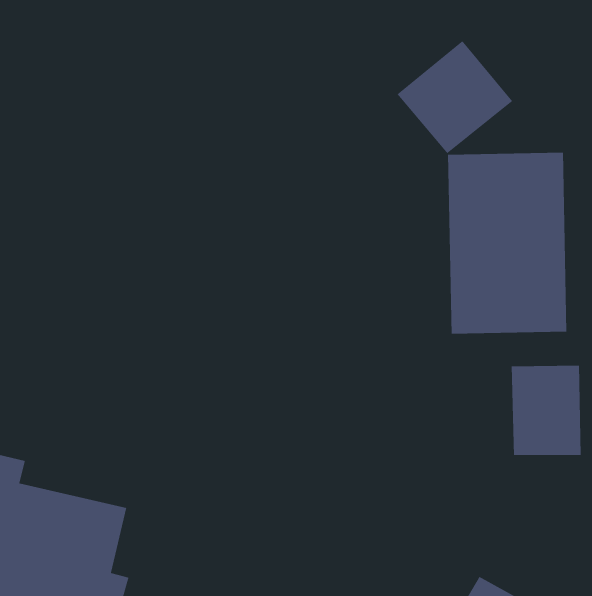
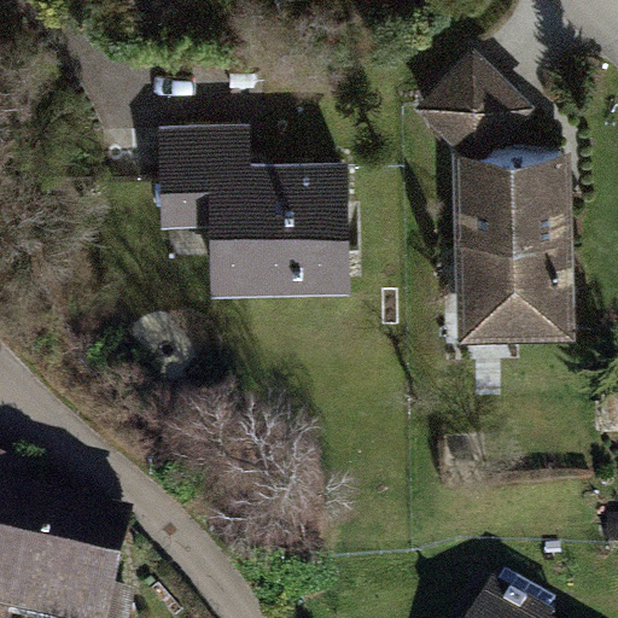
building: none -> [152,129,340,293]
building: [511,365,582,456] -> none

